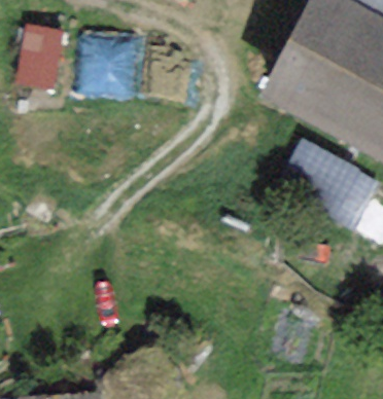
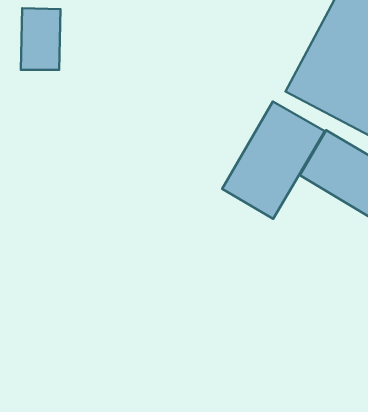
building: none -> [222,102,325,219]

